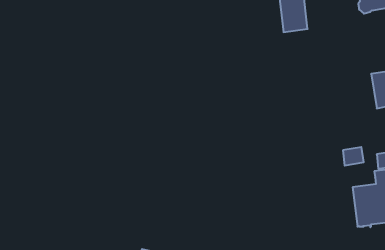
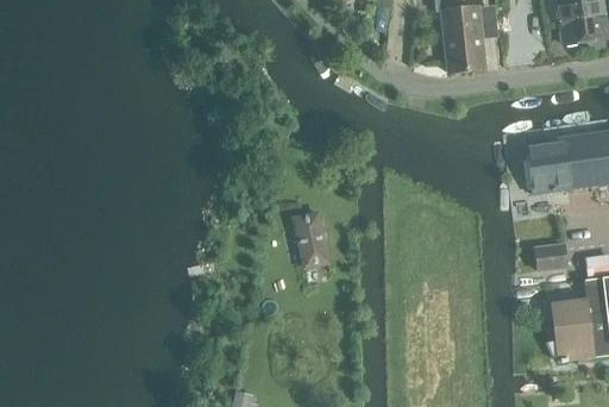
building: none -> [525,134,586,193]
building: none -> [294,213,327,267]

